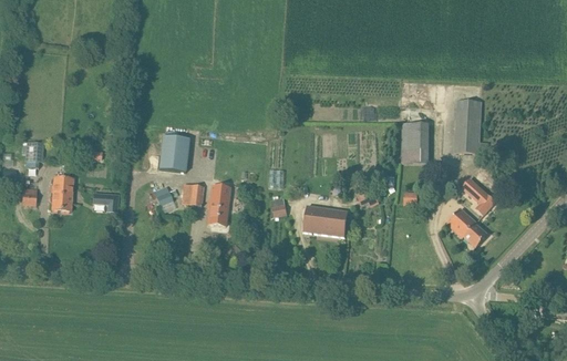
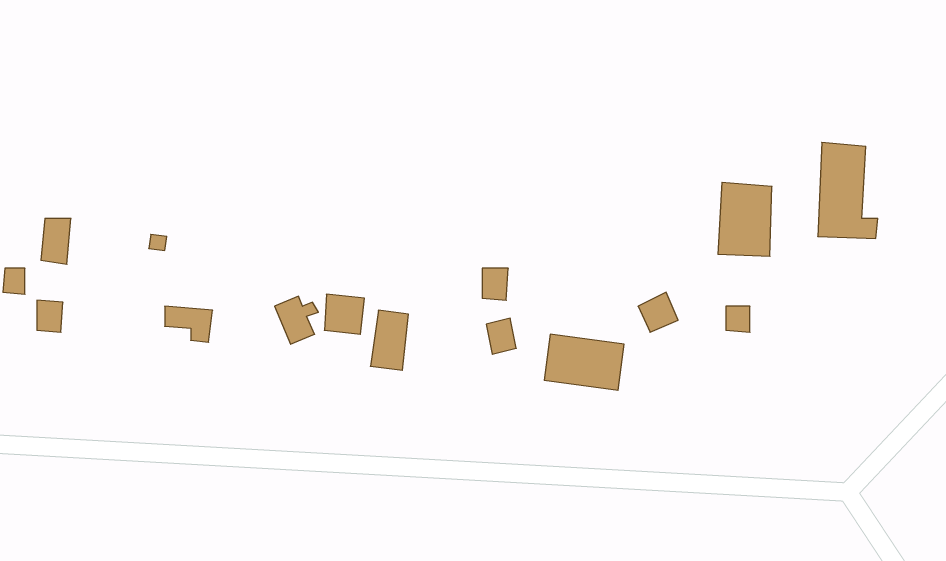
building: [158,135,189,172] -> none
building: [50,177,73,210] -> none
building: [463,177,497,215] -> none
building: [447,208,487,247] -> none

